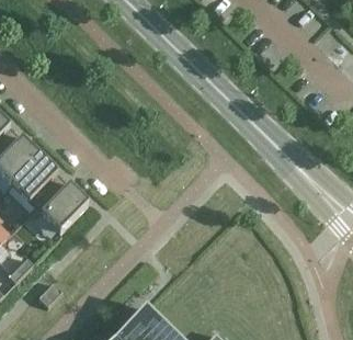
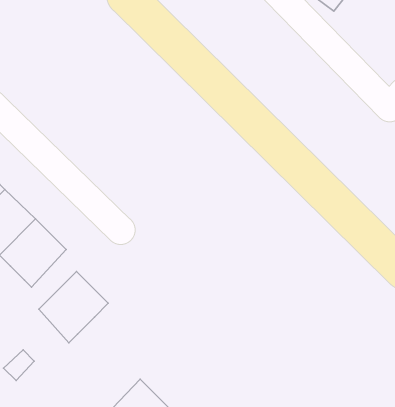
building: none -> [39,271,108,343]

